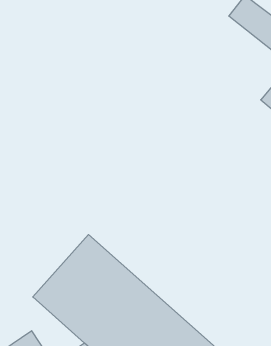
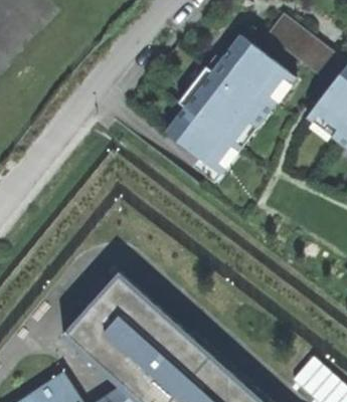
building: none -> [163,39,291,182]

